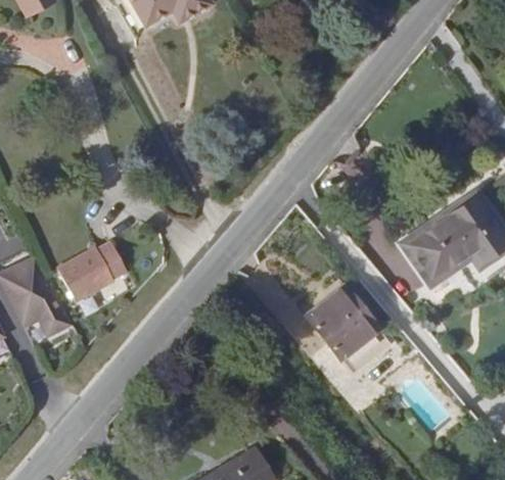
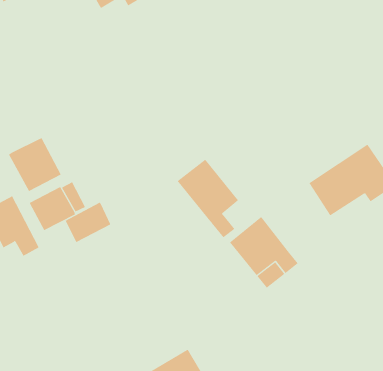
building: none -> [8,138,62,192]
building: none -> [177,159,239,238]
building: none -> [65,202,111,243]

